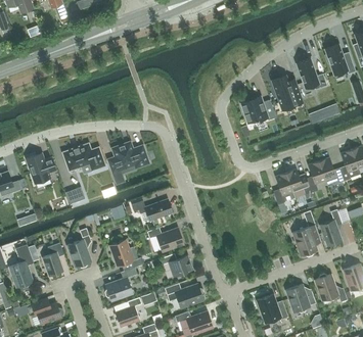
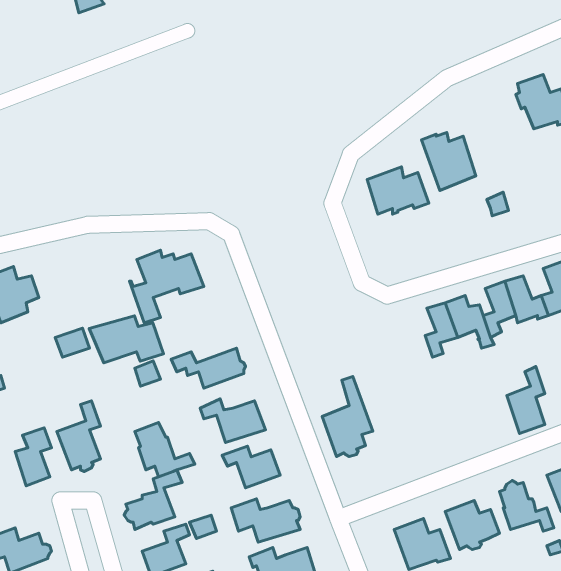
building: [298,58,327,89] -> none
building: [62,144,104,171] -> [89,316,164,363]
building: [292,210,321,255] -> [322,377,373,456]

